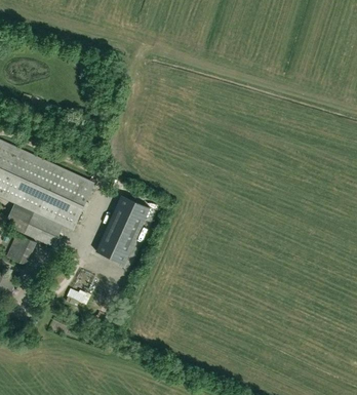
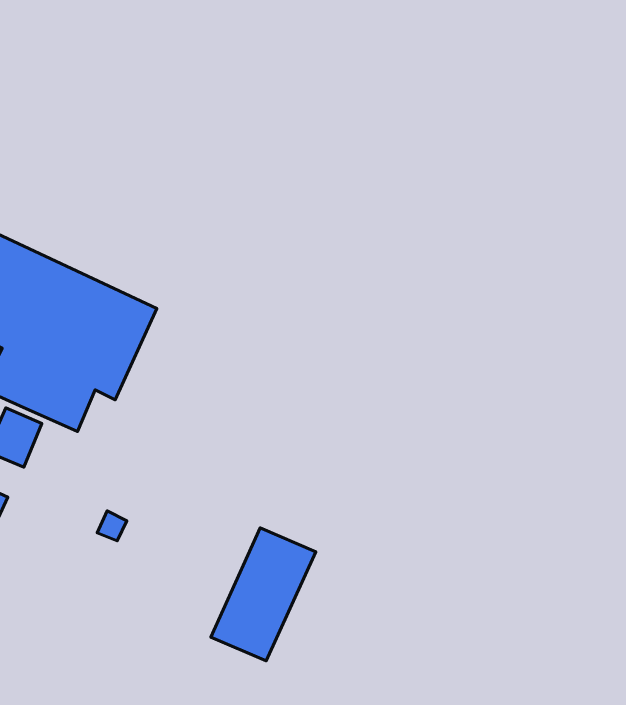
building: [96,195,151,264] -> [211,528,316,661]

